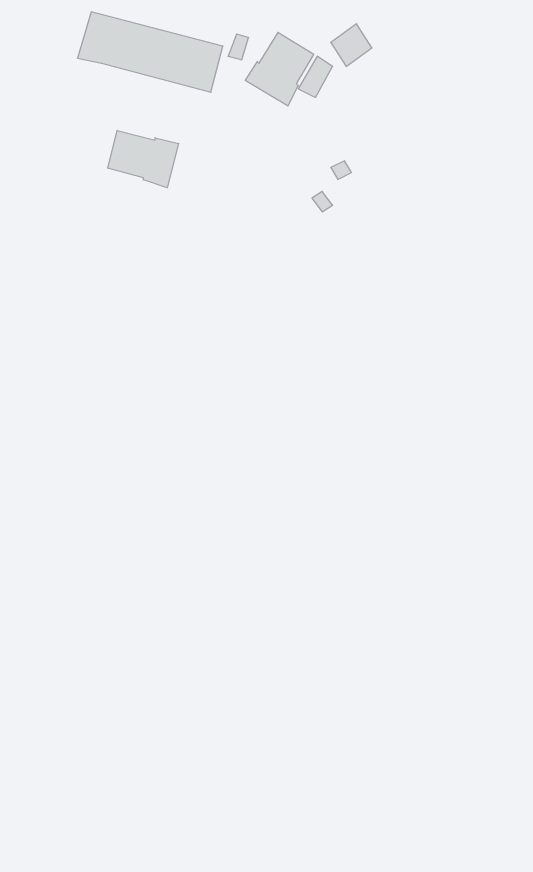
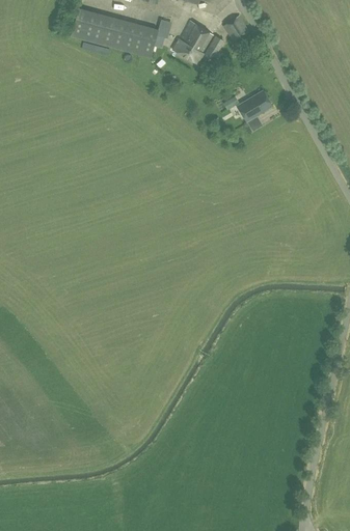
building: [108,130,179,188] -> none
building: none -> [238,91,271,119]

